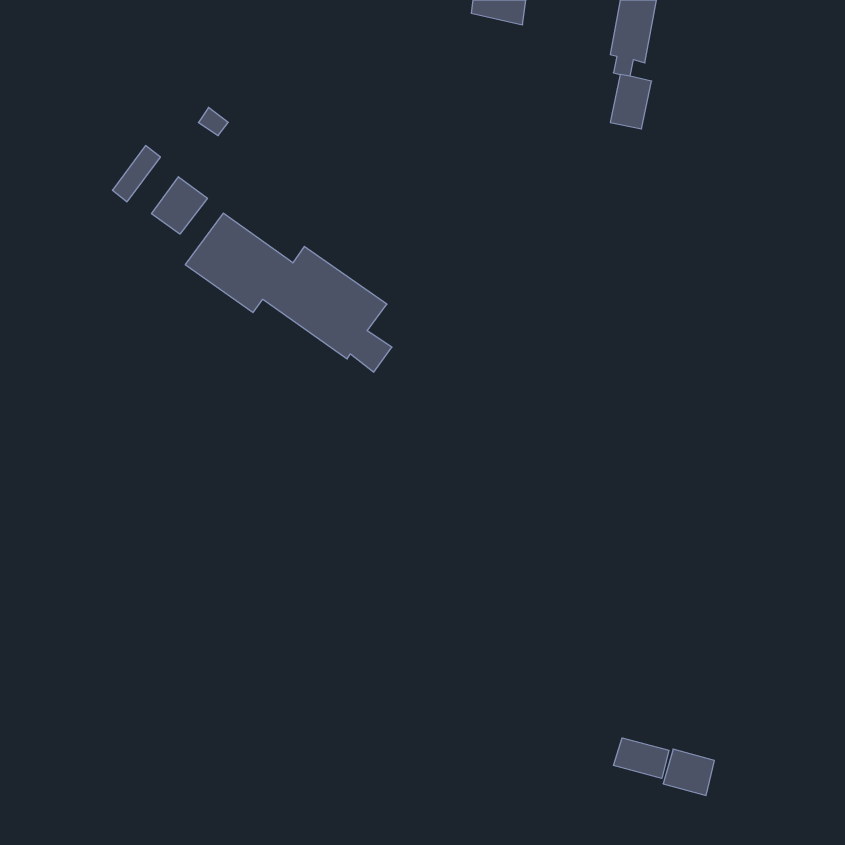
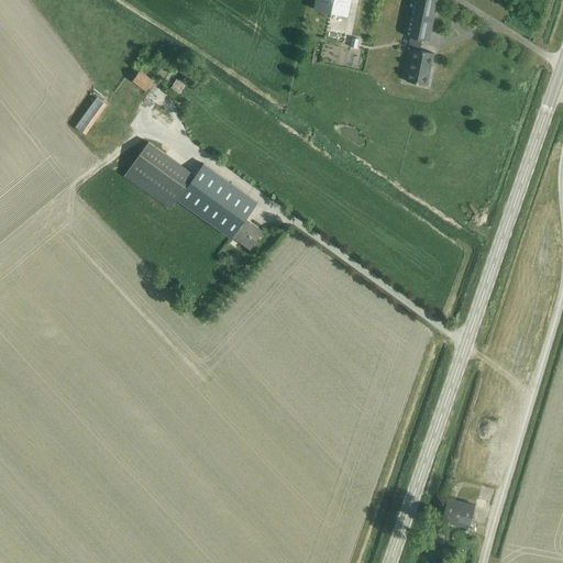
building: [152,177,207,234] -> none
building: [613,738,669,778] -> none

